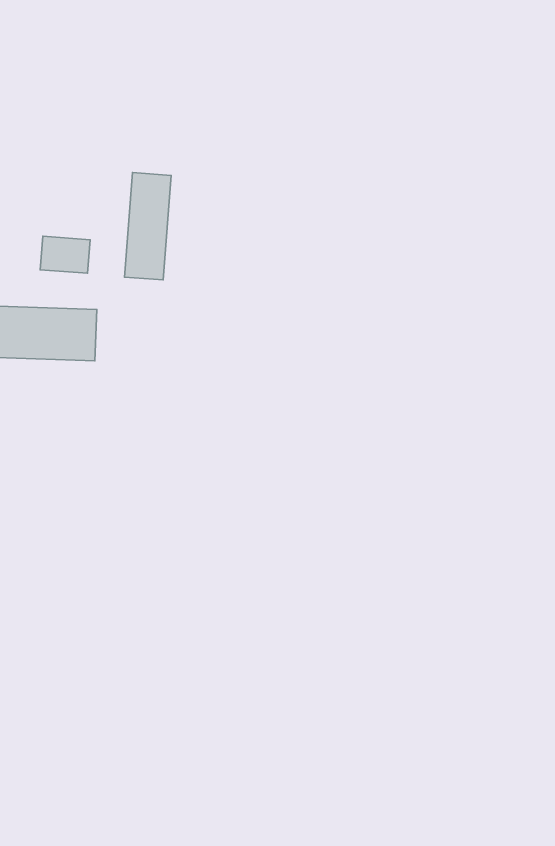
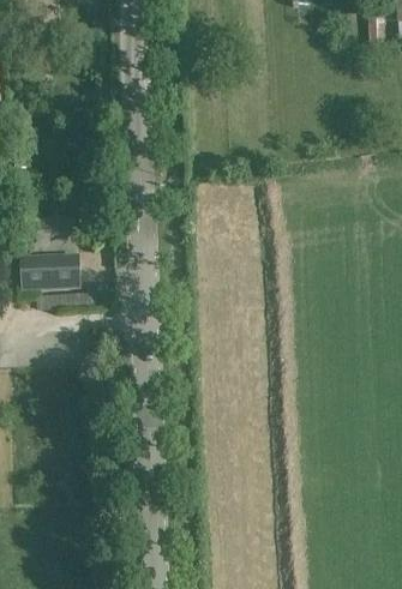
building: [125,173,171,280] -> none

